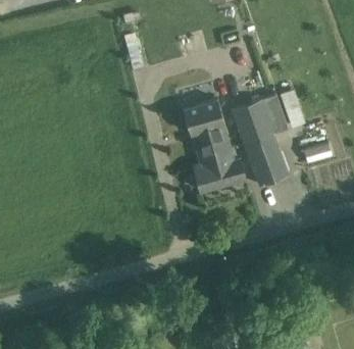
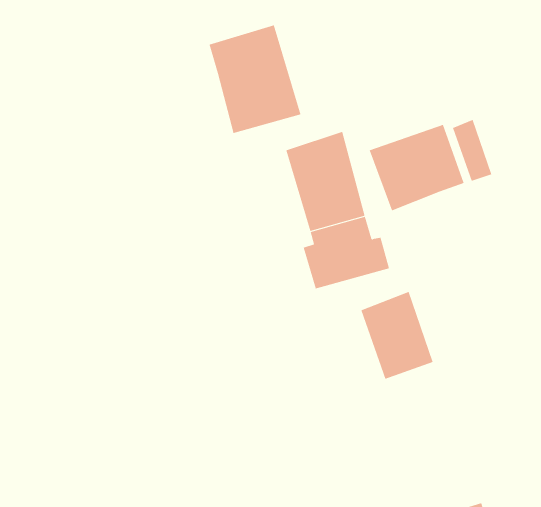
building: none -> [209,25,301,134]
building: [245,133,288,185] -> [361,291,433,380]

